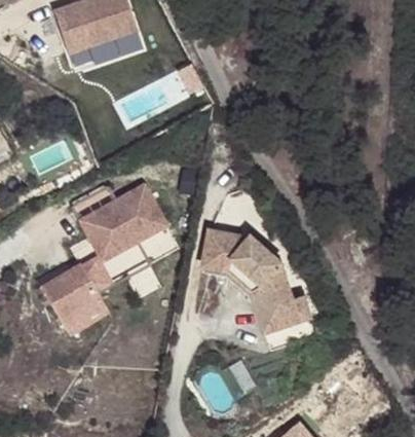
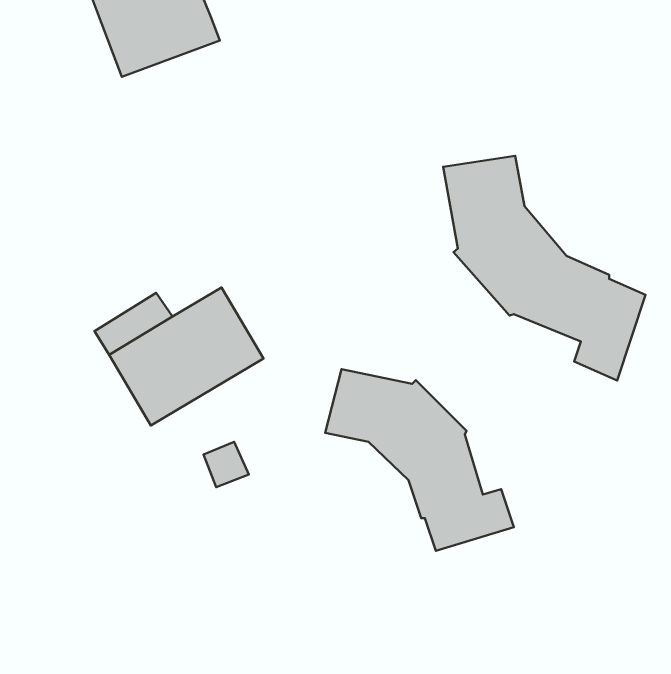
building: none -> [443,156,646,380]
building: [42,263,103,321] -> none

